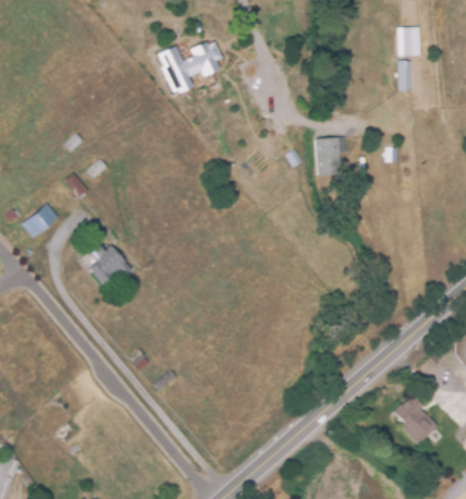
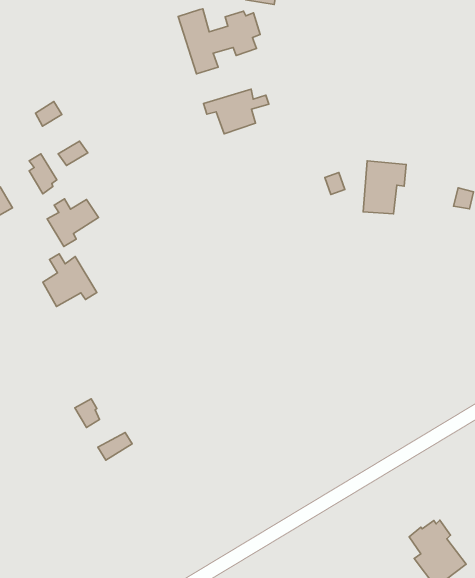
building: none -> [204,89,269,134]
building: none -> [47,199,98,247]

